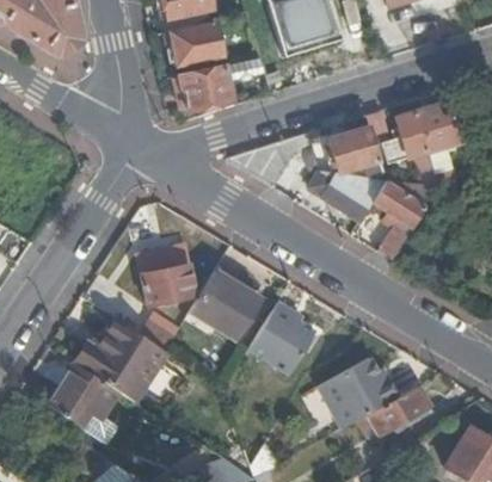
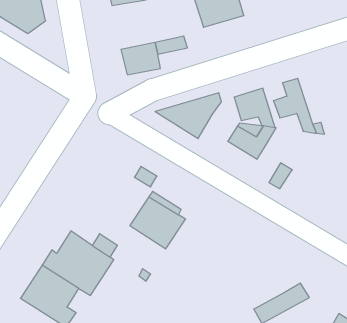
building: [170,23,222,64] -> none
building: [414,107,459,153] -> none
building: [371,179,424,227] -> none
building: [140,246,195,307] -> none
building: [250,302,316,376] -> none
building: [318,358,398,430] -> none

